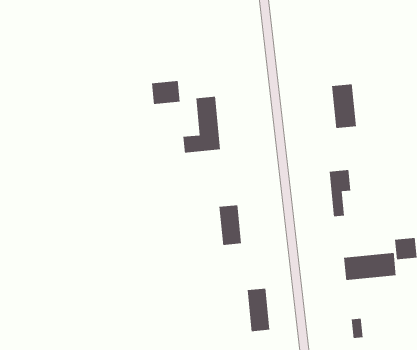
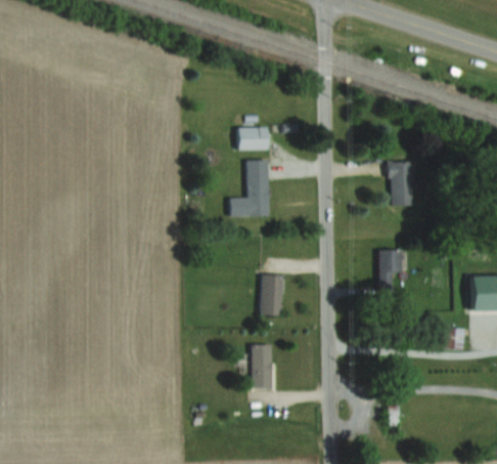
building: [151,81,180,105] -> [238,127,267,150]
building: [344,252,396,281] -> none
building: [247,288,270,332] -> [251,345,271,389]

